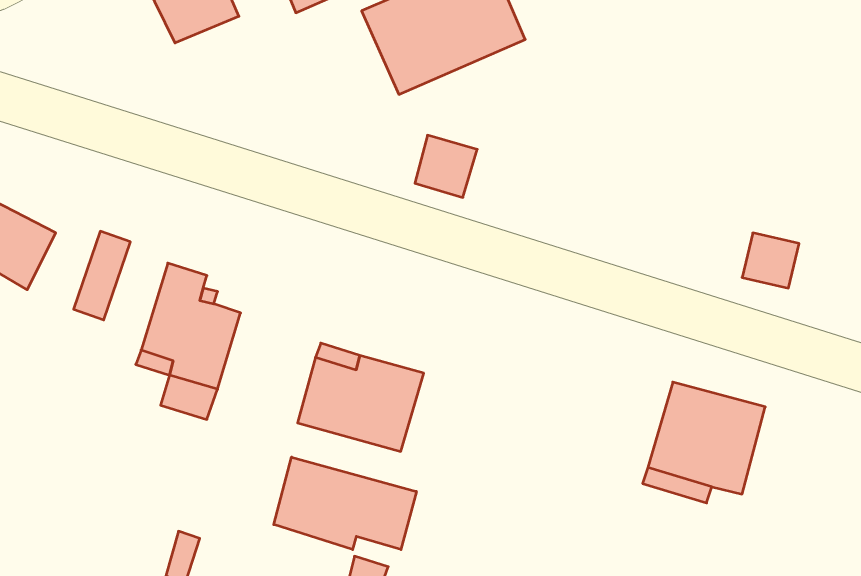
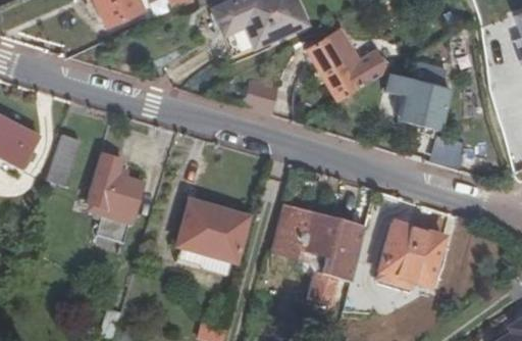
building: none -> [306,28,373,101]
building: none -> [396,75,449,131]
building: none -> [272,204,365,302]
building: [274,457,416,550] -> none

